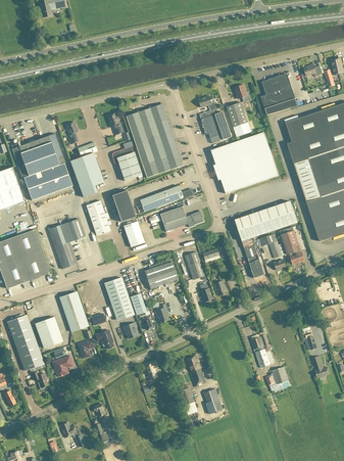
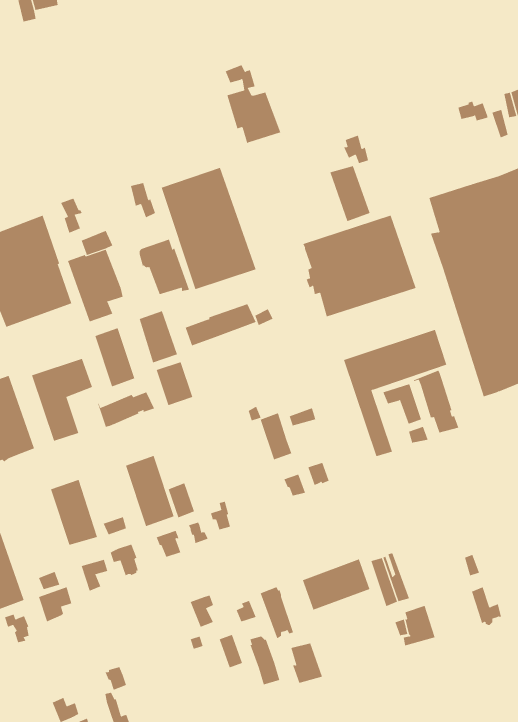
building: [260,74,297,114] -> none
building: [198,95,232,143] -> [225,64,281,145]
building: [159,205,203,231] -> none
building: none -> [98,391,155,428]
building: [144,261,179,287] -> none
building: [35,316,62,348] -> none
building: none -> [302,559,370,611]

